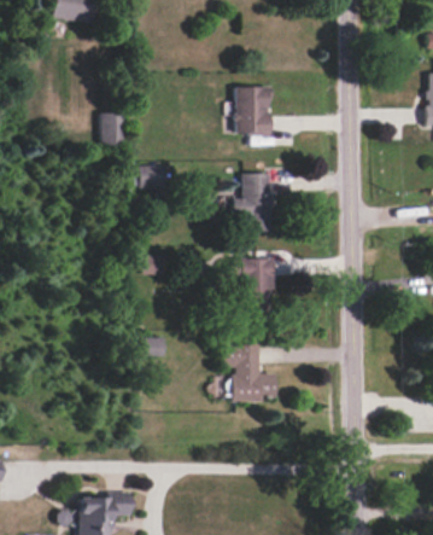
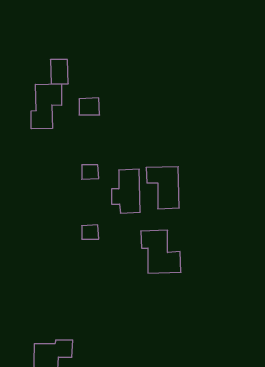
building: [235,86,270,134] -> none
building: none -> [31,84,62,129]
building: [233,171,271,231] -> [112,169,140,213]

